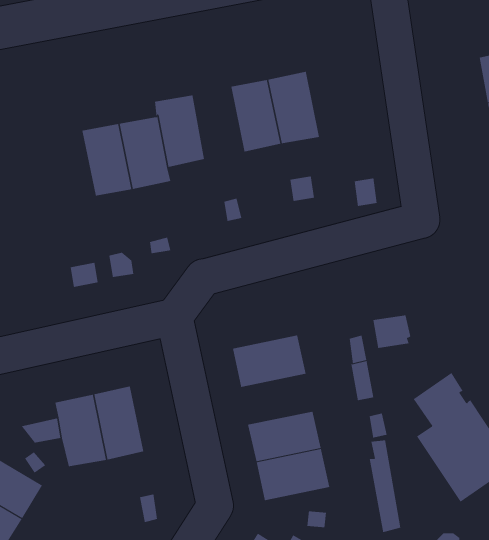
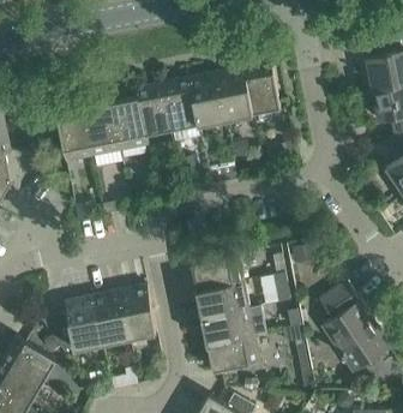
building: none -> [243,64,281,115]
building: none -> [163,79,199,131]
building: none -> [56,110,94,163]
building: none -> [197,283,248,319]
building: none -> [119,287,156,339]

